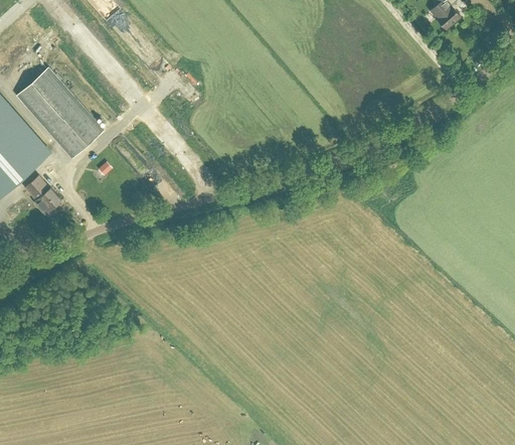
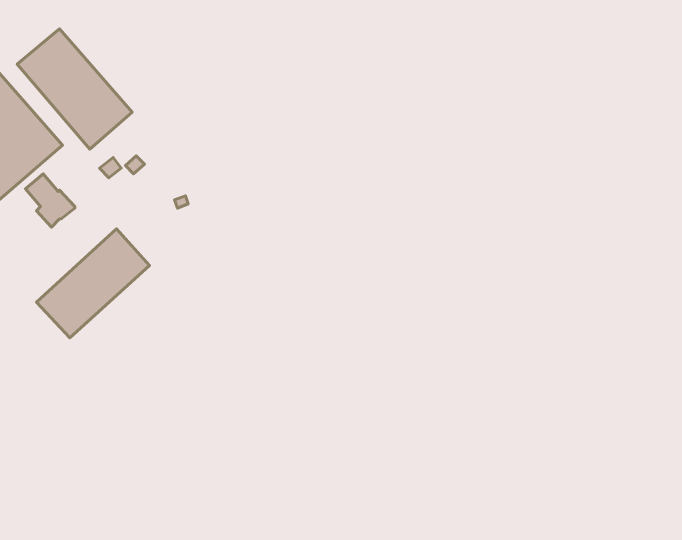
building: none -> [36,229,150,338]

